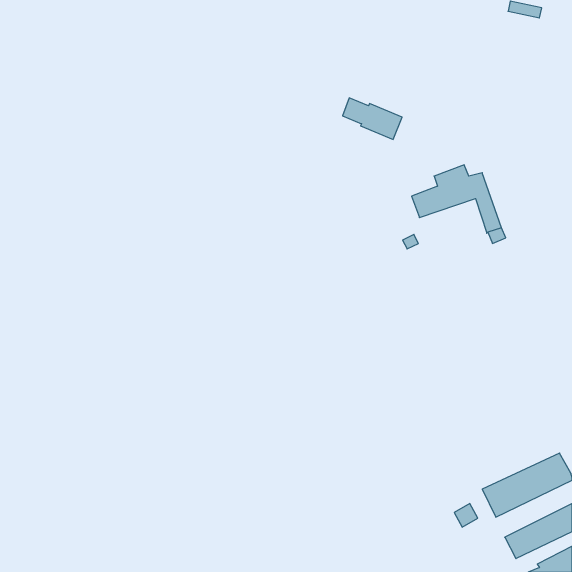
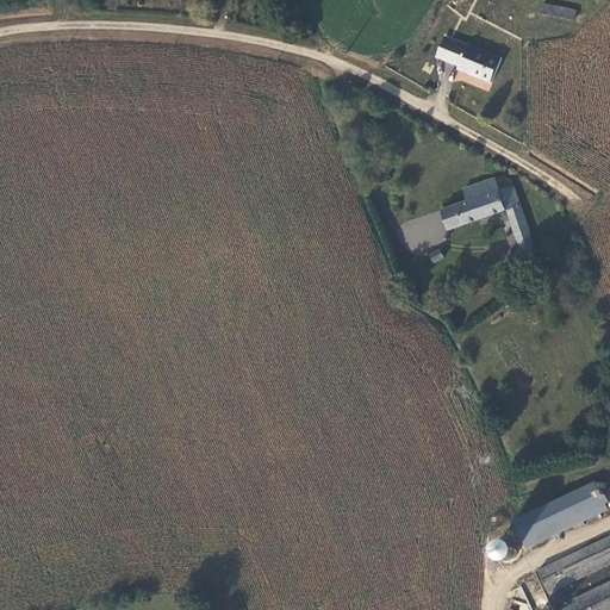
building: [343,98,402,139] -> [436,37,499,81]

